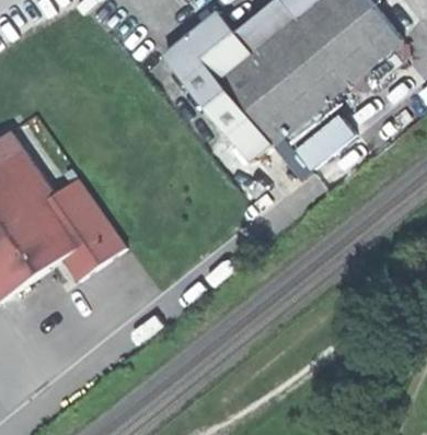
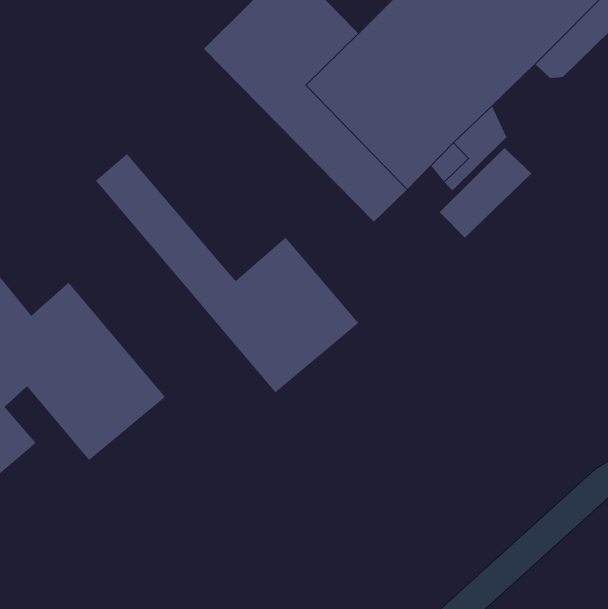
building: none -> [95,153,359,393]

